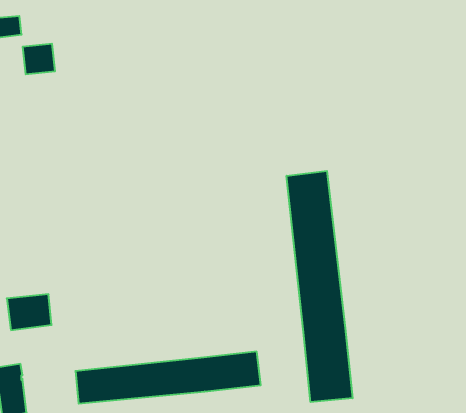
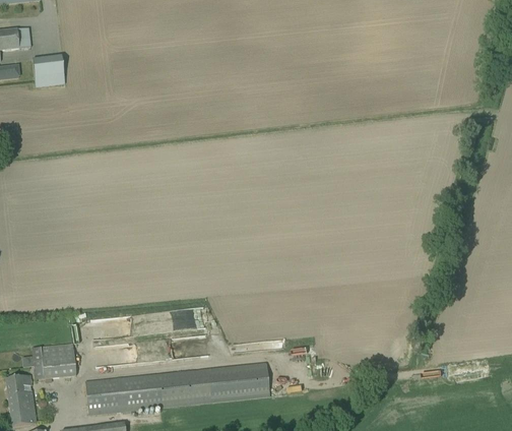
building: [287,171,353,402] -> none
building: [7,294,52,330] -> [31,344,76,379]

